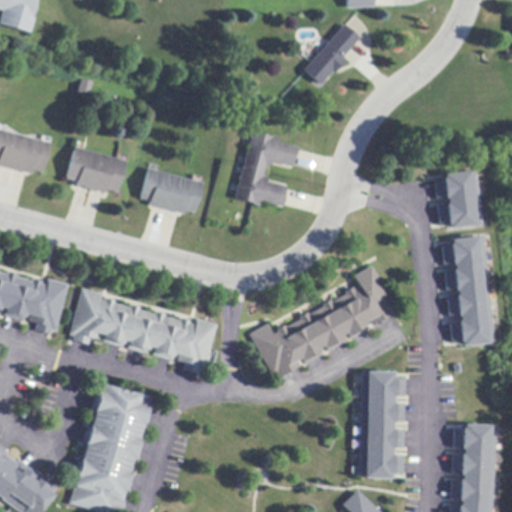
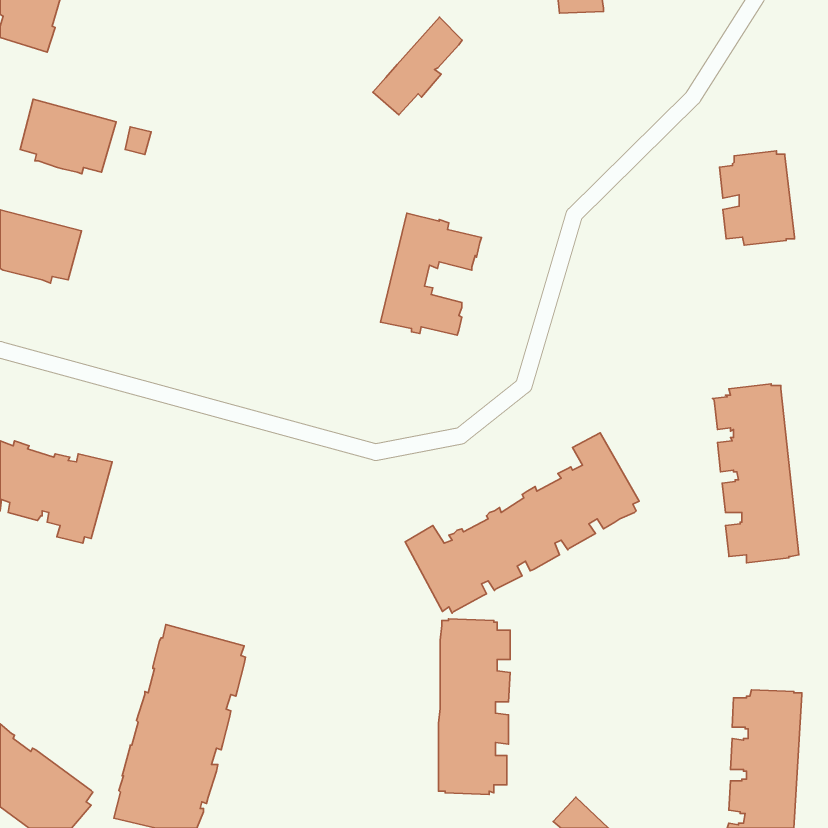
building: [303,24,358,84] -> [373,17,462,115]
building: [68,147,127,193] -> [20,99,116,174]
building: [141,168,203,214] -> none
building: [434,170,480,228] -> [720,151,794,245]
building: [71,288,218,374] -> none
building: [359,371,403,479] -> [439,619,510,795]

